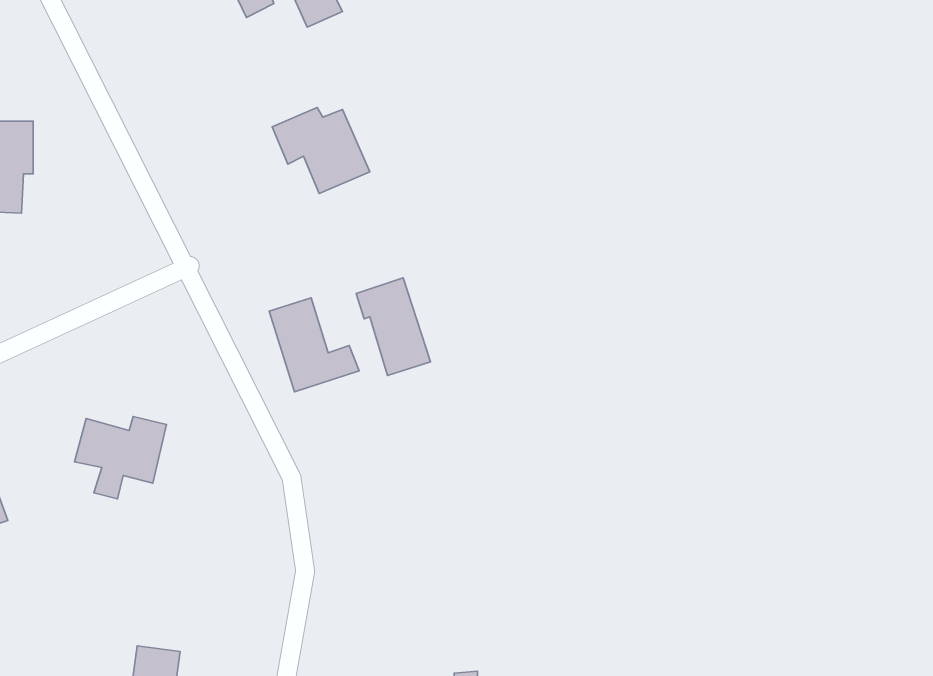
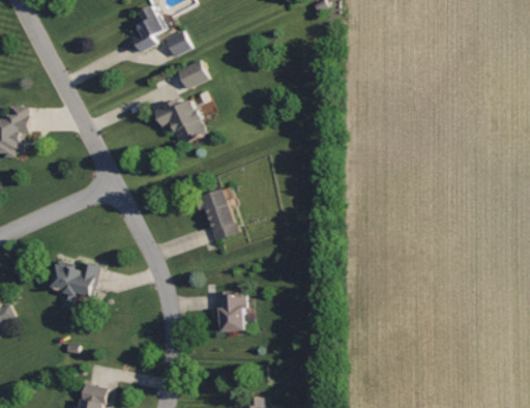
building: none -> [177,60,208,89]
building: [269,298,359,392] -> none
building: none -> [217,292,245,332]

